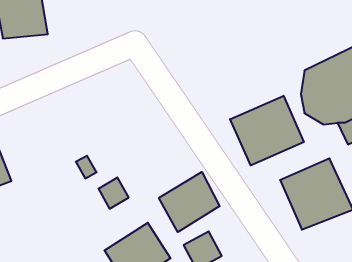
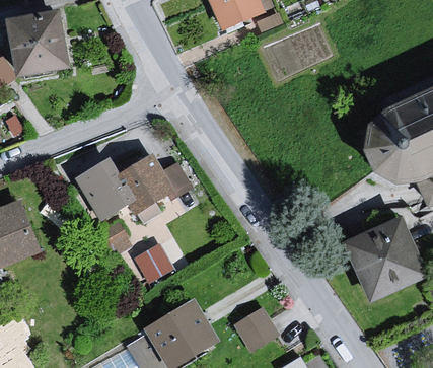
building: [230,96,304,165] -> none
building: none -> [77,155,189,216]
building: [159,172,220,232] -> none

